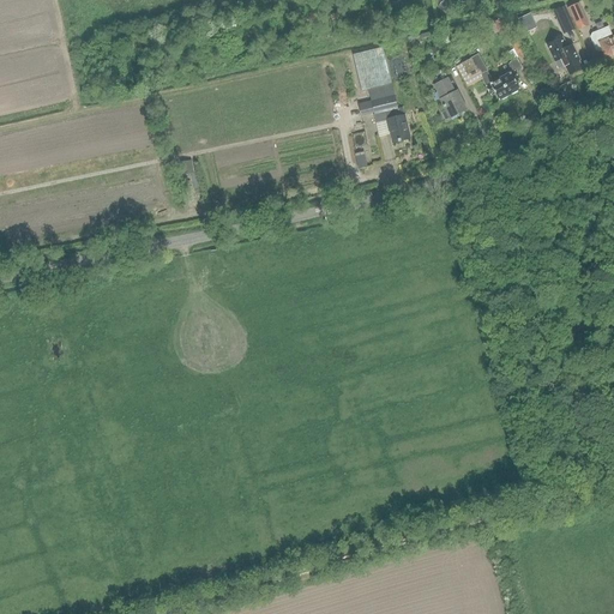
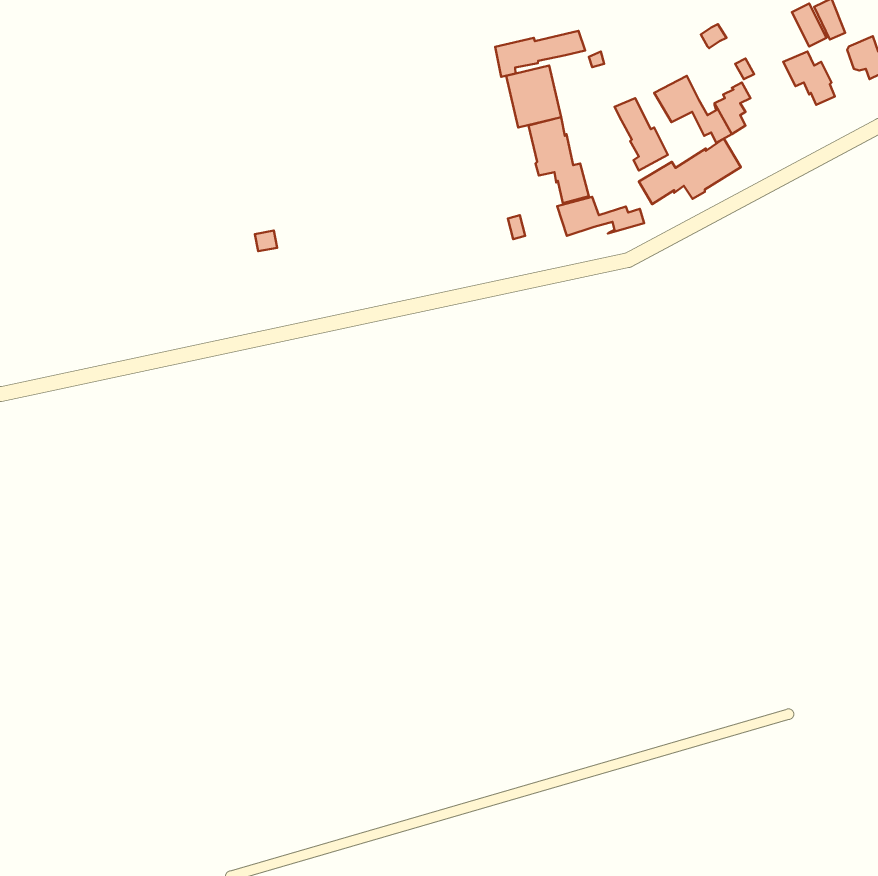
building: none -> [495,31,585,77]
building: none -> [639,139,741,204]
building: none -> [557,197,644,236]

